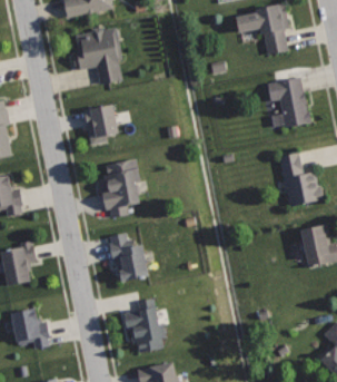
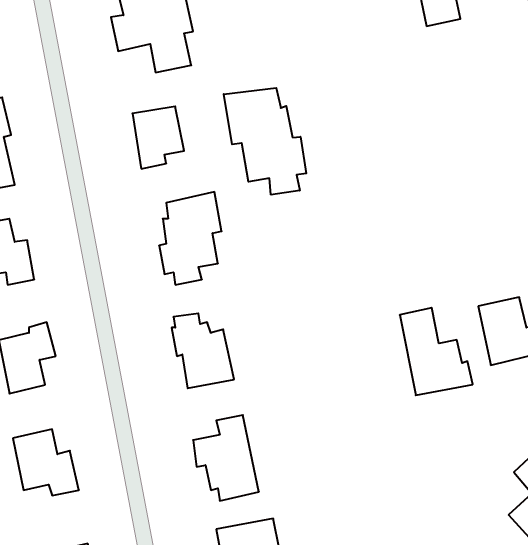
building: [266,76,311,128] -> none
building: none -> [224,88,306,195]
building: [279,153,325,207] -> [400,308,473,395]

